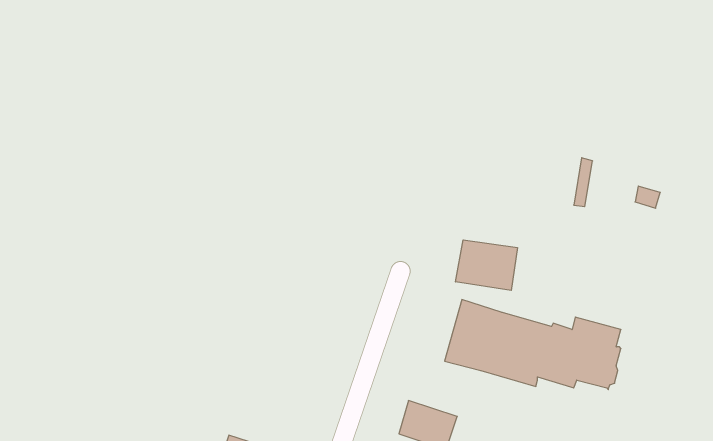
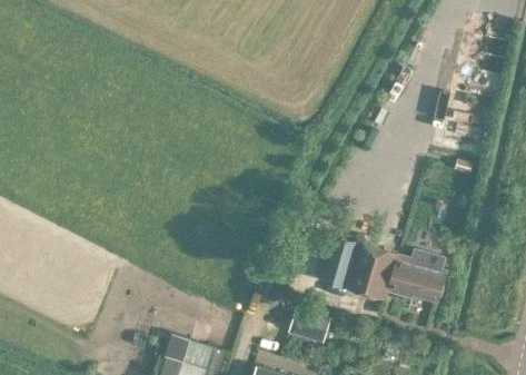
building: [456,240,517,290] -> none

